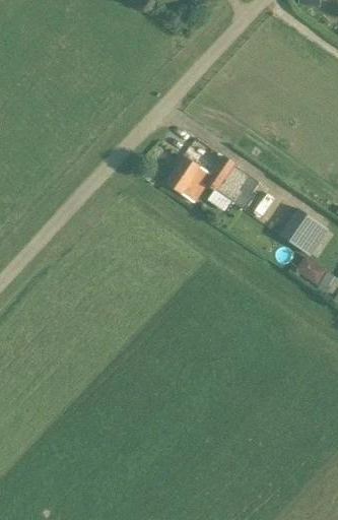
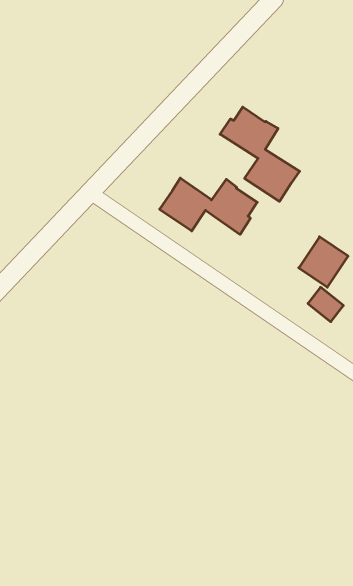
building: none -> [220,107,300,201]

